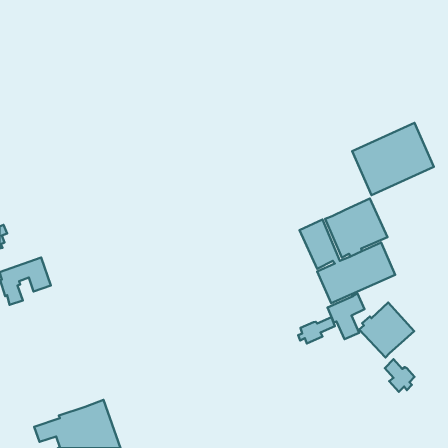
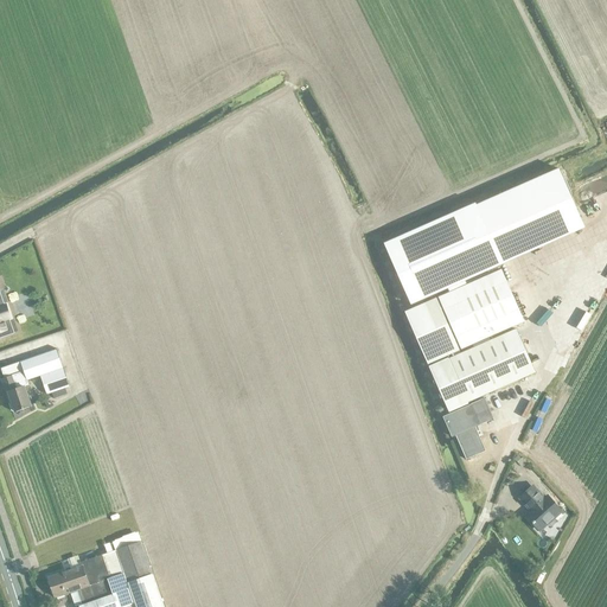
building: none -> [384,204,501,304]
building: [359,303,414,357] -> none
building: [298,317,335,343] -> none

